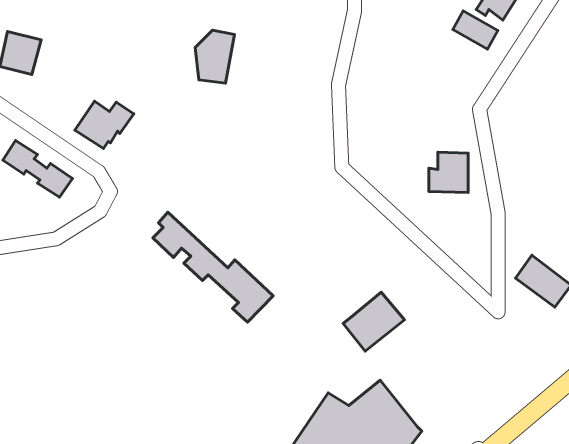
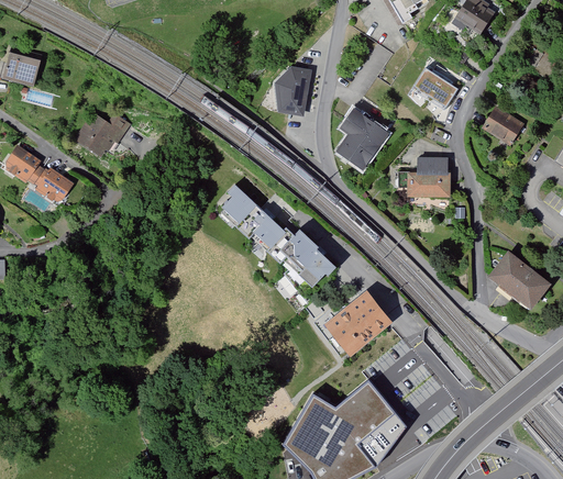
building: [453,11,498,49] -> [415,69,457,105]
building: [195,30,235,83] -> [274,65,311,115]
building: none -> [482,105,527,146]
building: none -> [341,112,387,167]
building: [153,212,273,322] -> [221,185,335,289]

